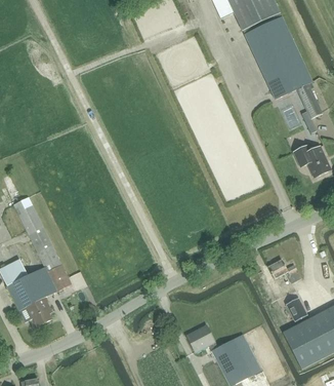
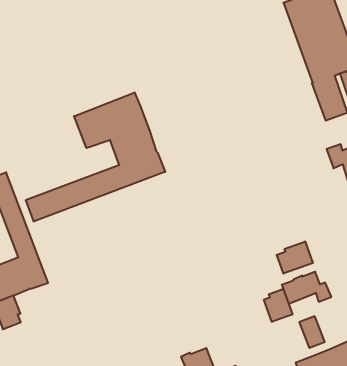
building: none -> [26,92,165,222]
building: none -> [277,241,313,274]
building: none -> [264,289,292,322]

